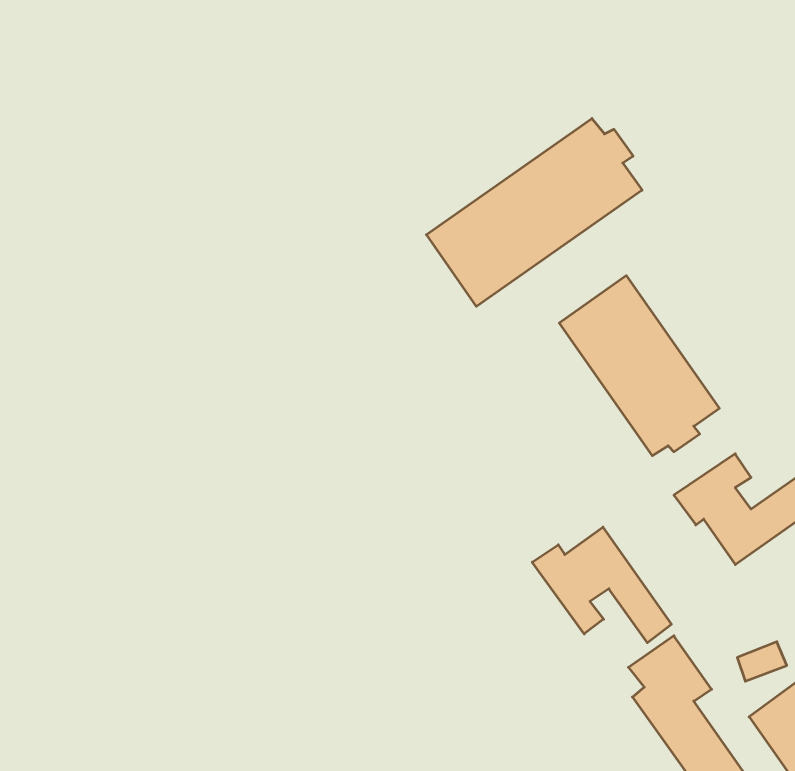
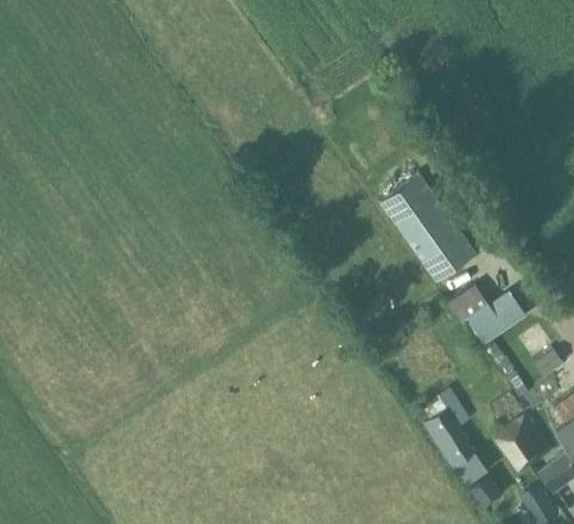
building: [426,118,642,306] -> none
building: [532,527,671,643] -> none

